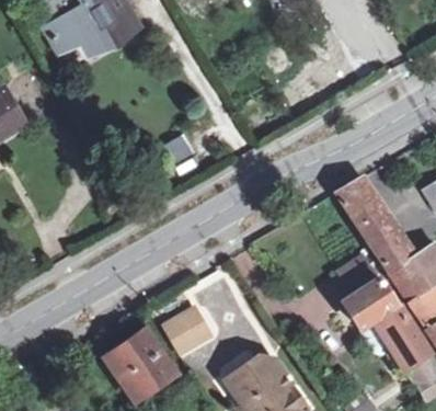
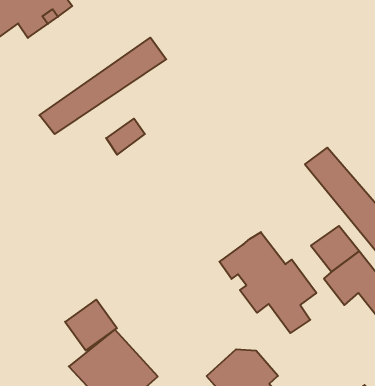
building: none -> [39,38,166,134]
building: none -> [219,232,316,333]
building: [164,309,211,355] -> [65,300,117,350]

